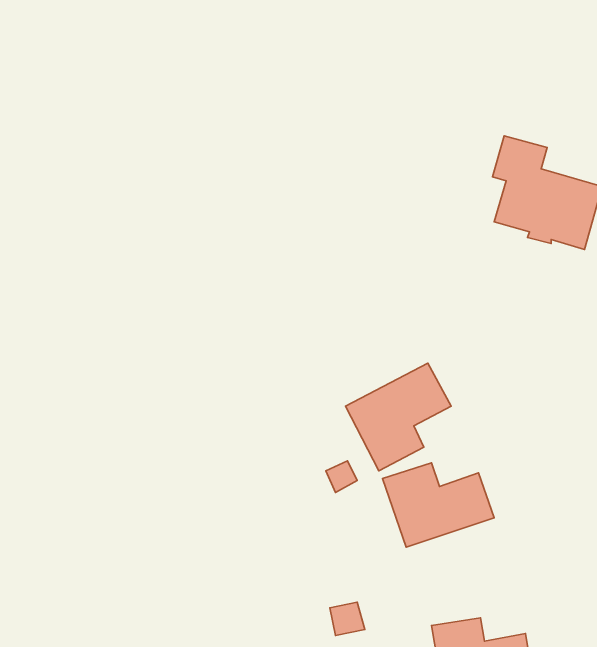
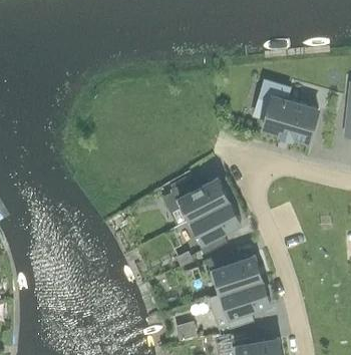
building: none -> [169,179,229,224]
building: none -> [210,281,271,331]

